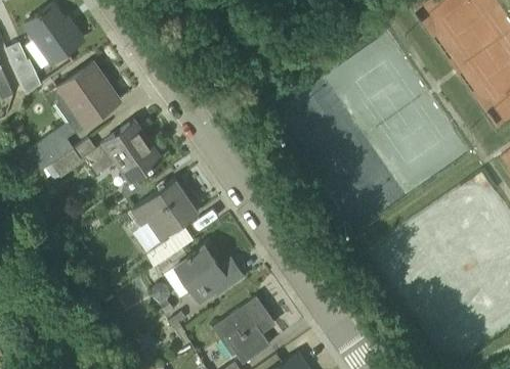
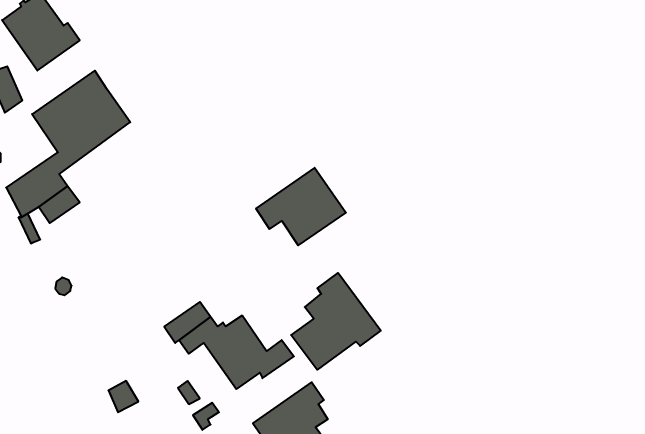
building: [84,122,162,183] -> none
building: [131,180,199,238] -> [256,168,346,245]
building: none -> [291,273,381,370]

